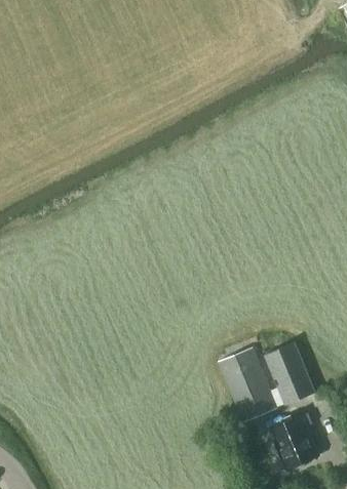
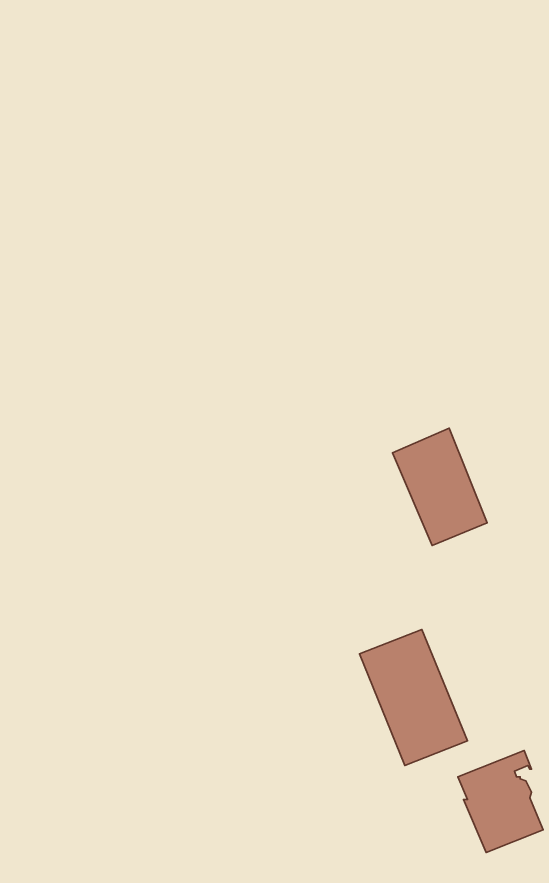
building: [263,341,314,405] -> [393,428,487,545]

